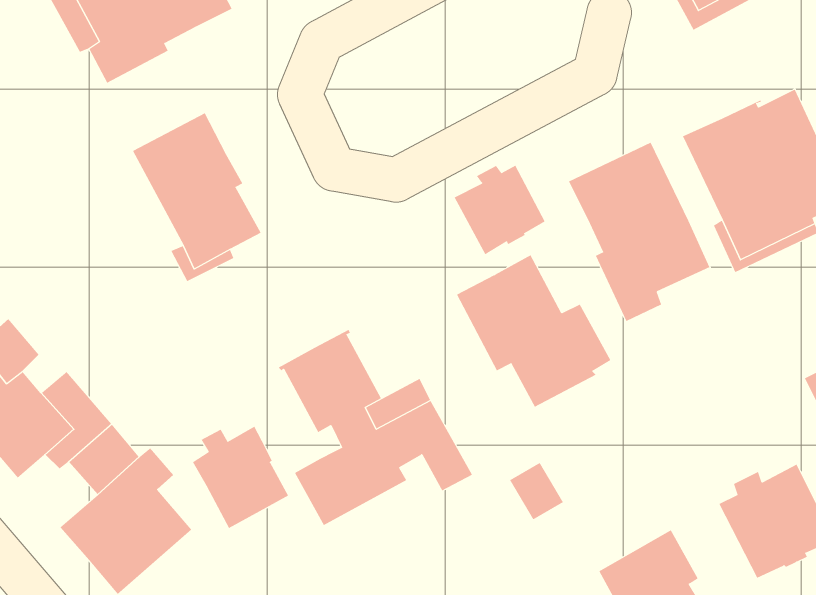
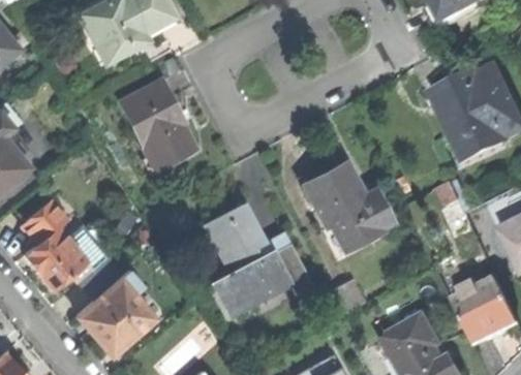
building: [568,142,710,322] -> none
building: [454,165,546,255] -> none
building: [192,426,289,529] -> none

